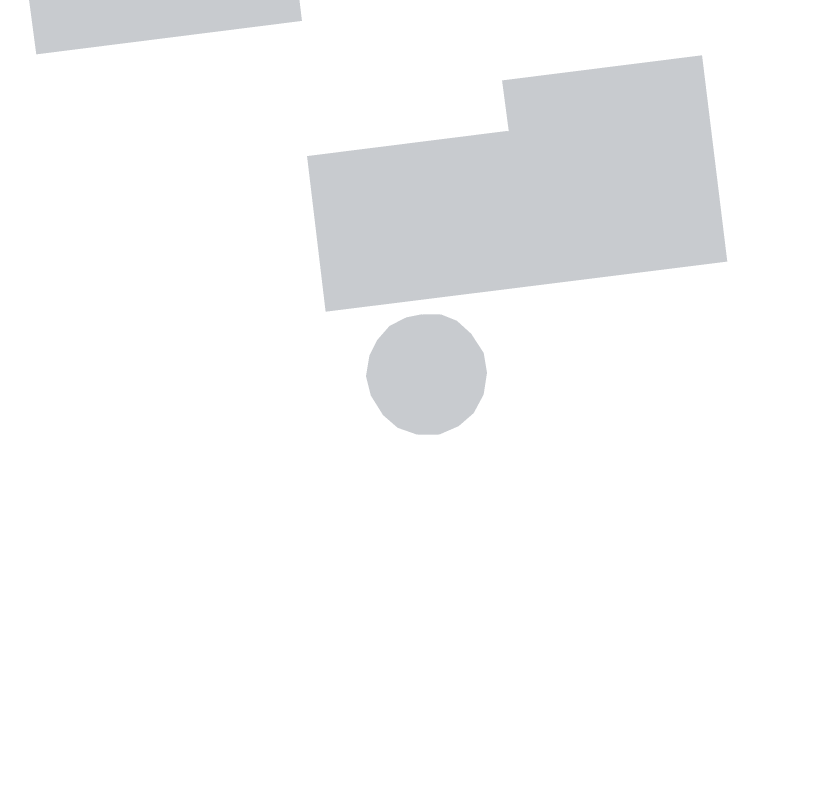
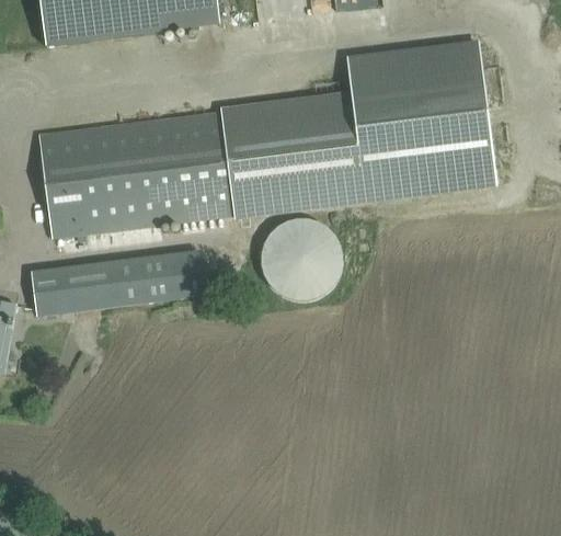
building: none -> [38,112,233,237]
building: none -> [32,251,207,316]

